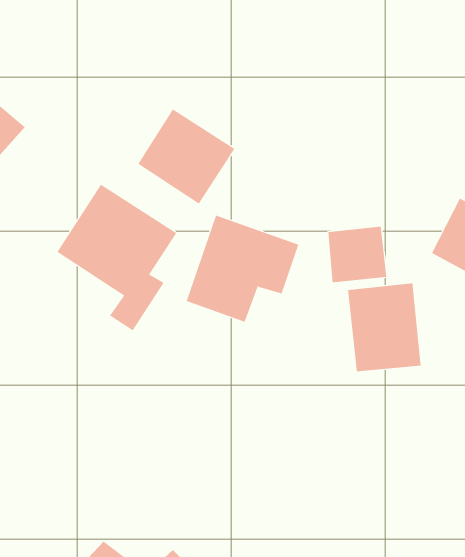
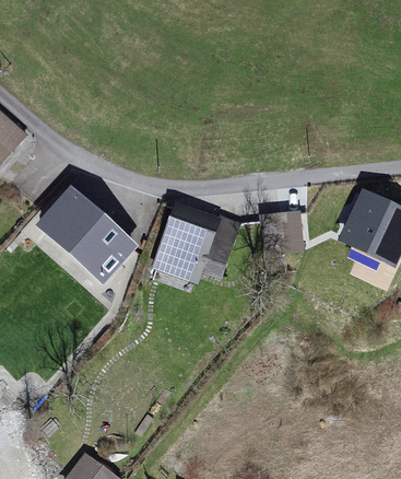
building: [138,109,235,205] -> none
building: [347,283,421,372] -> none

